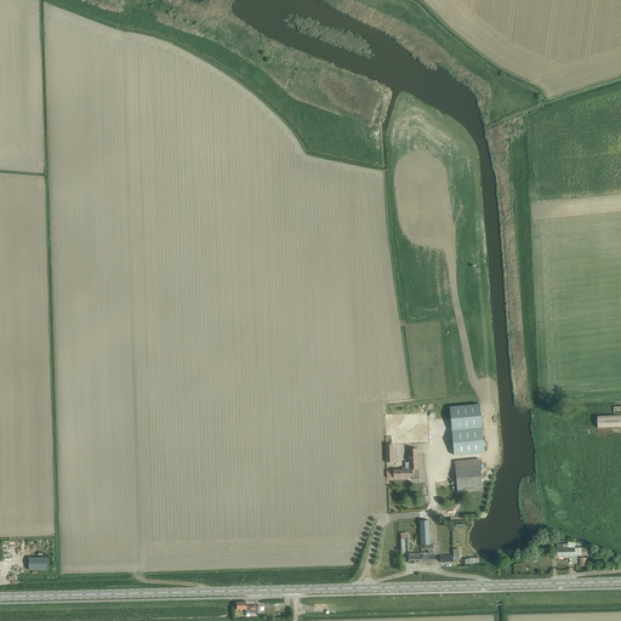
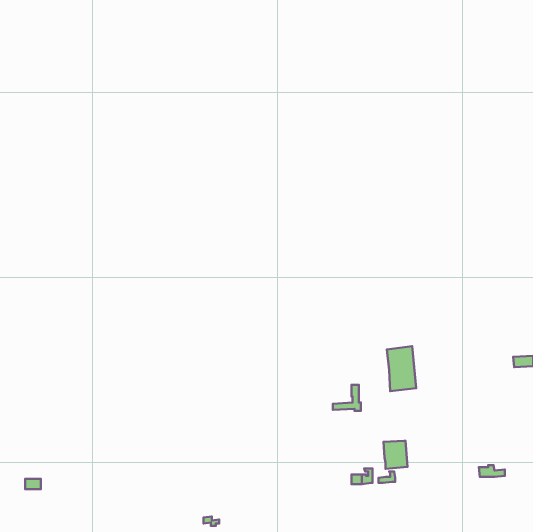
building: [455,458,483,491] -> [383,441,407,469]

